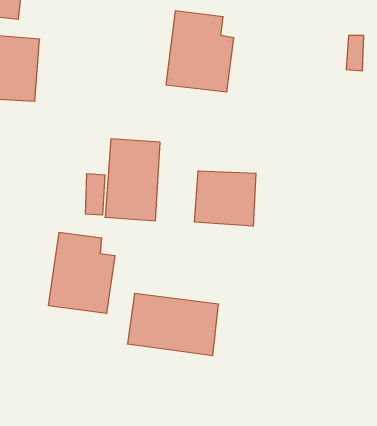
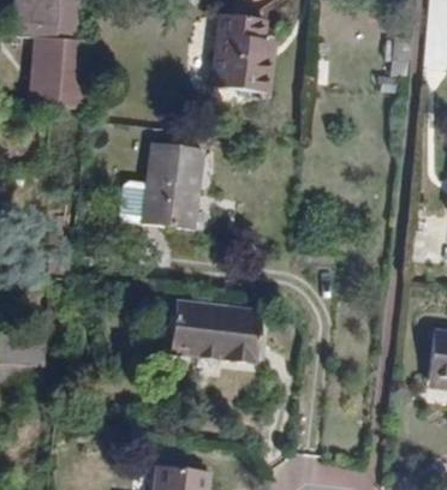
building: [195,171,256,226] -> none
building: [49,232,115,314] -> none

